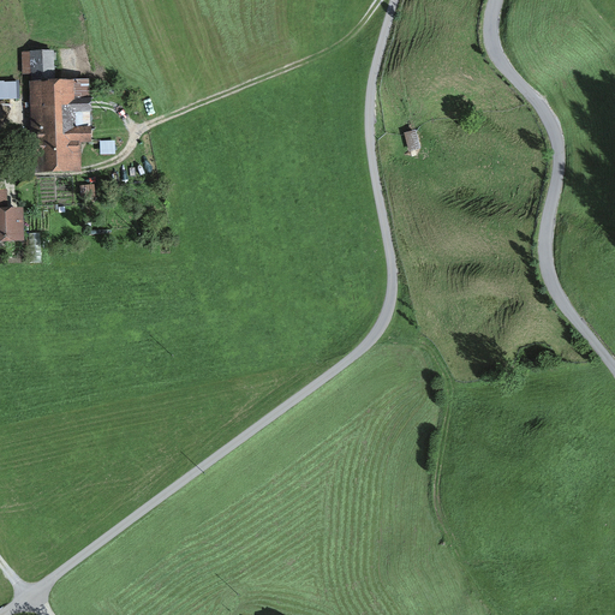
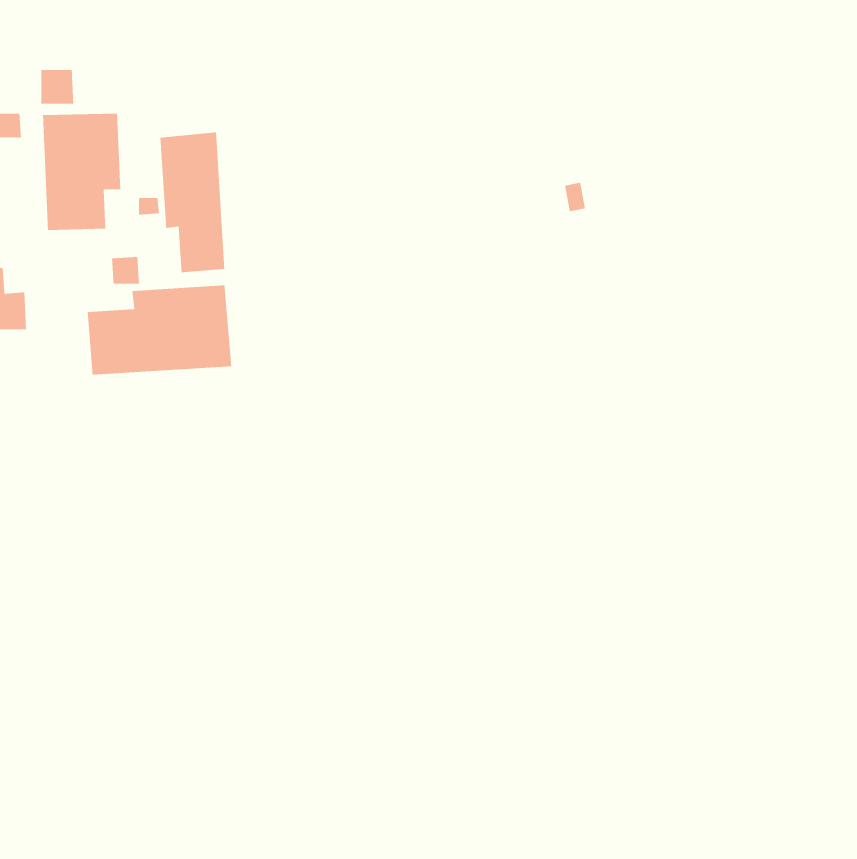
building: none -> [160,132,225,273]
building: none -> [87,285,232,376]

